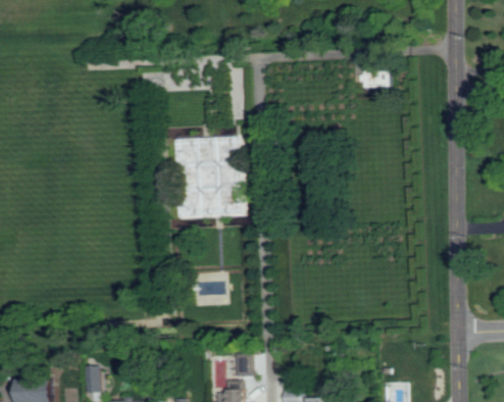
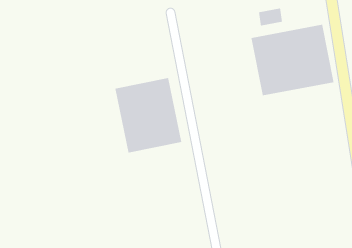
building: none -> [251,24,334,96]

